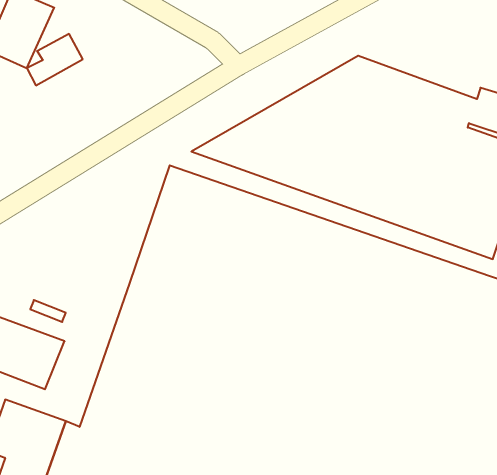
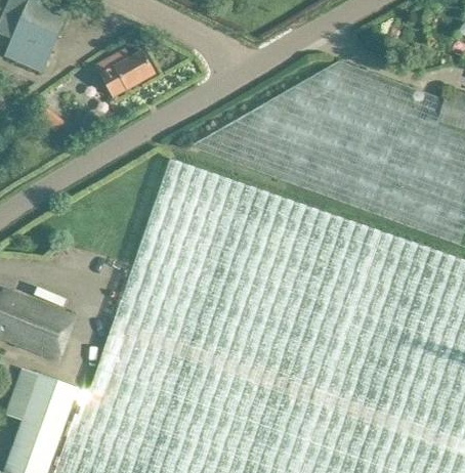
building: [27,34,83,85] -> [104,52,155,98]

